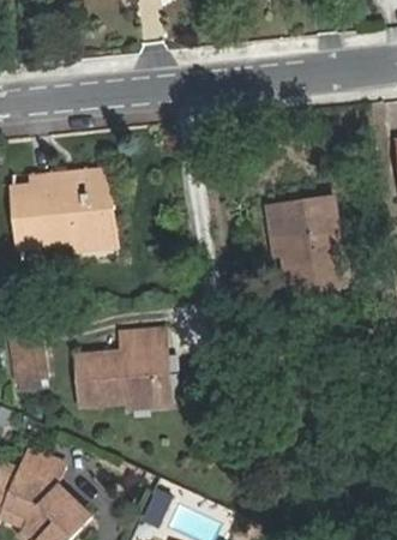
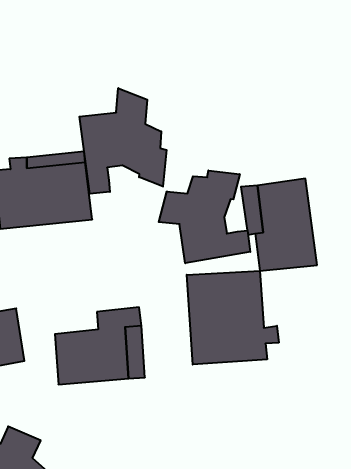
building: none -> [79,88,167,194]
building: none -> [159,170,250,263]
building: none -> [187,271,279,365]

